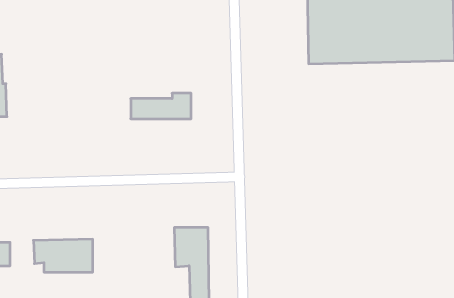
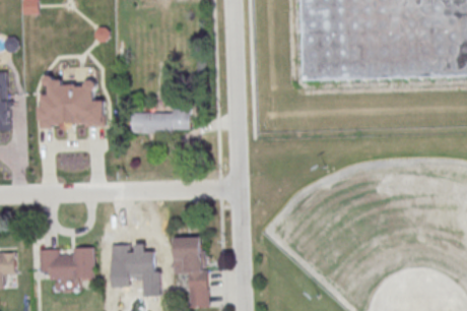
building: none -> [40,80,106,128]
building: none -> [112,247,156,276]

